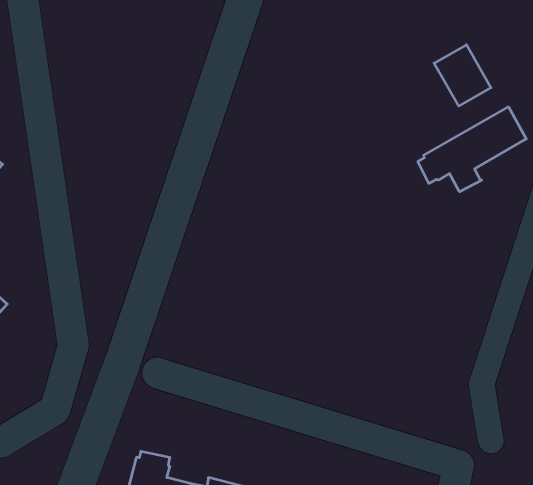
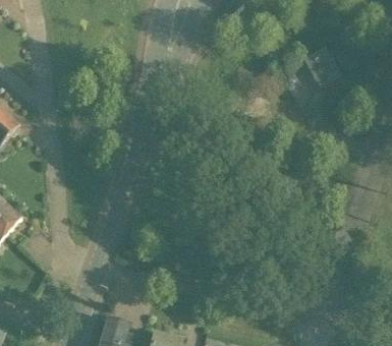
building: [418,107,526,192] -> none

